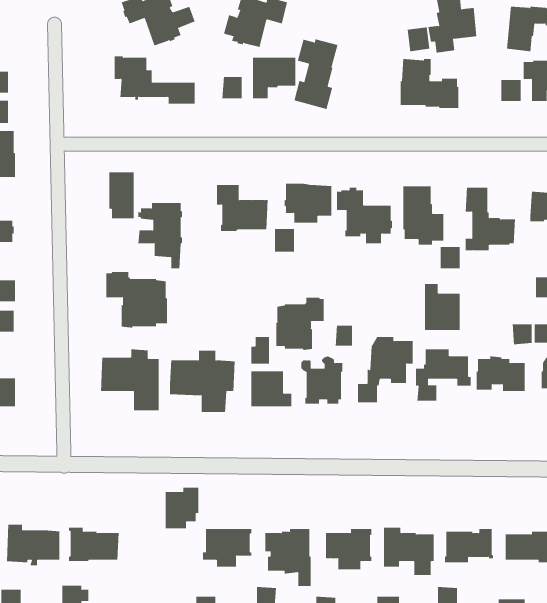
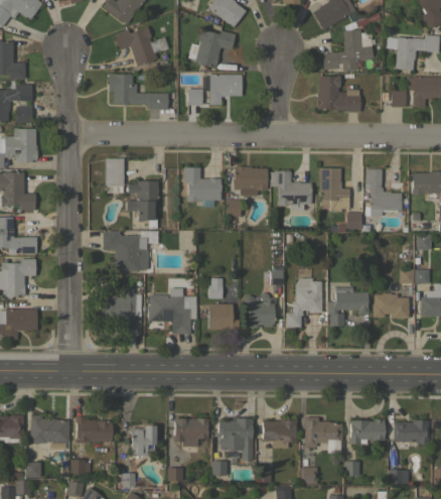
building: [294,38,338,110] -> none
building: [425,283,460,331] -> none
building: [276,297,324,351] -> none
building: [165,487,199,529] -> [131,425,156,456]

